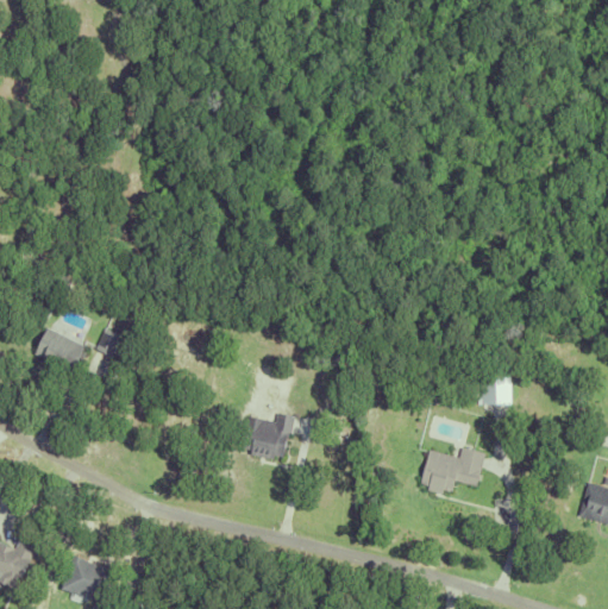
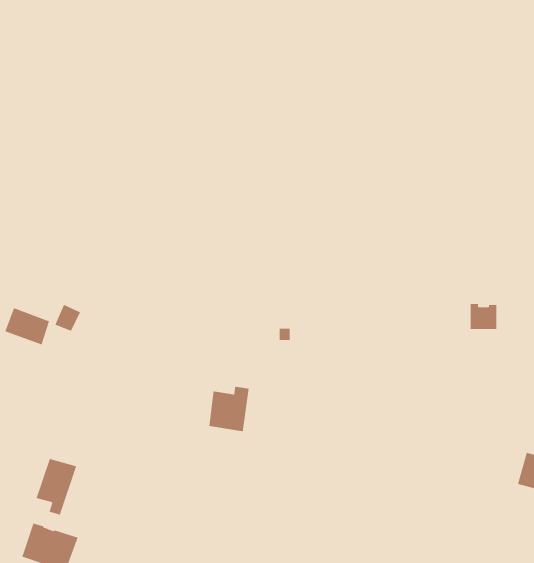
building: [479,376,508,403] -> [470,303,497,330]
building: [418,446,483,494] -> none
building: none -> [36,458,77,516]

